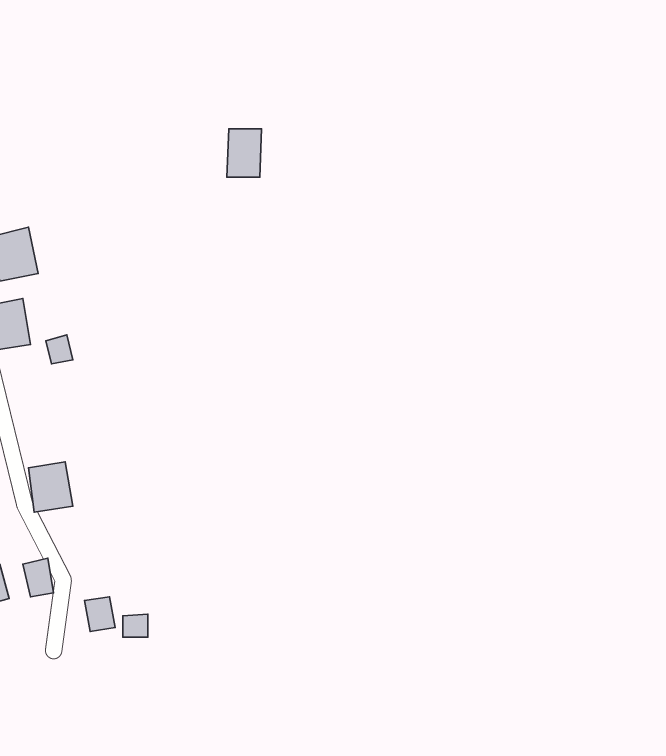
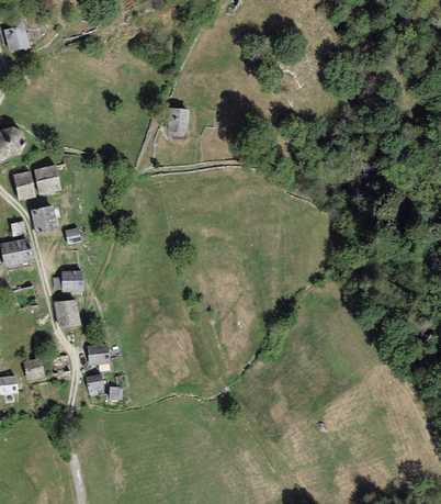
building: none -> [60,270,82,292]
building: none -> [87,341,109,366]

